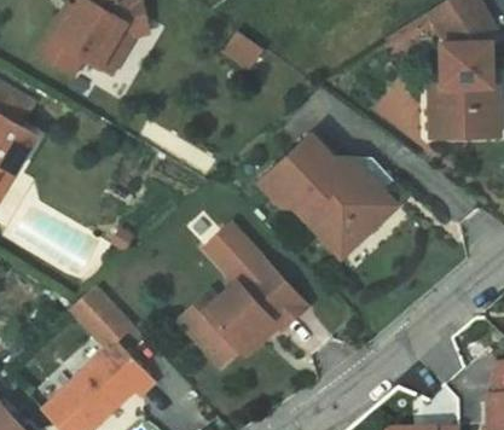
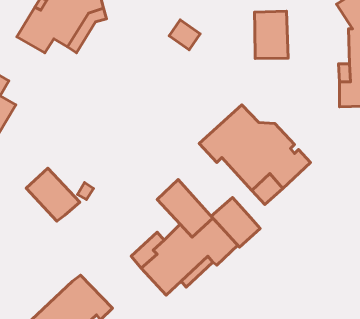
building: none -> [254,11,288,59]
building: none -> [211,197,260,247]
building: [69,284,134,348] -> [26,168,80,221]

